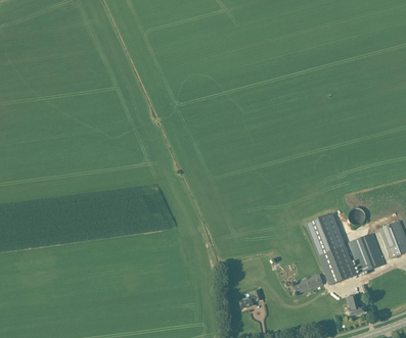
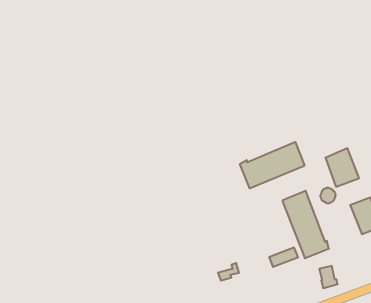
building: none -> [240,142,304,188]
building: [350,232,386,273] -> [325,148,359,187]

